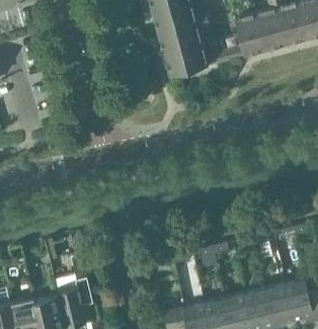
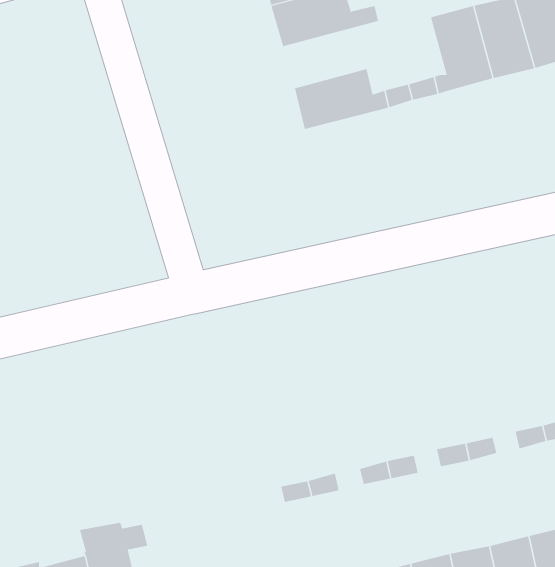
building: [159,21,211,56] -> none

